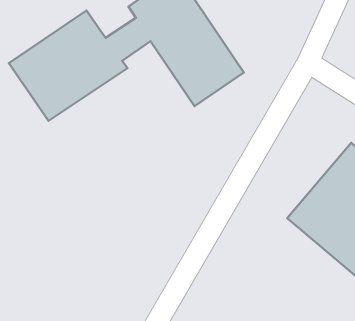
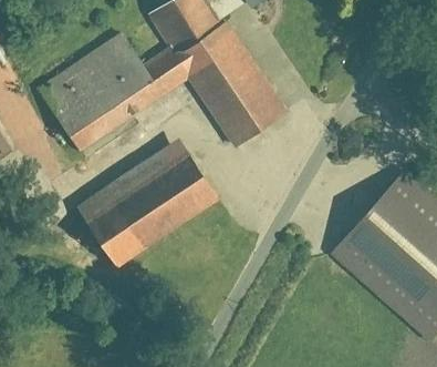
building: none -> [82,134,225,267]

